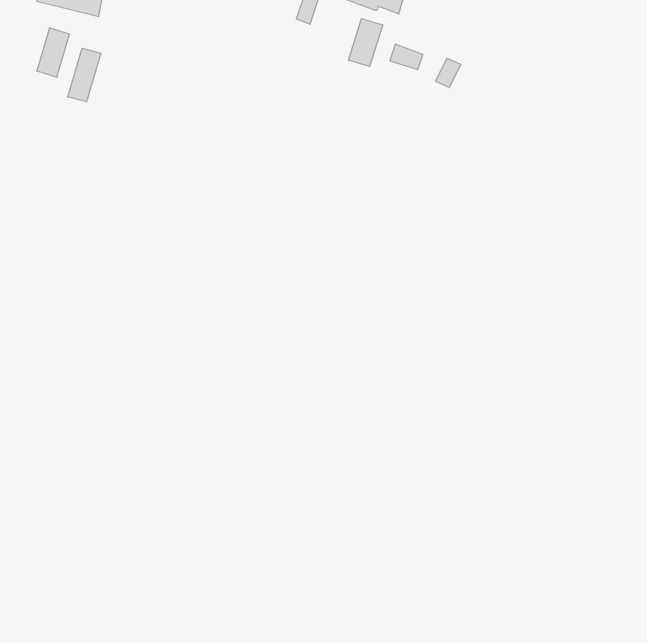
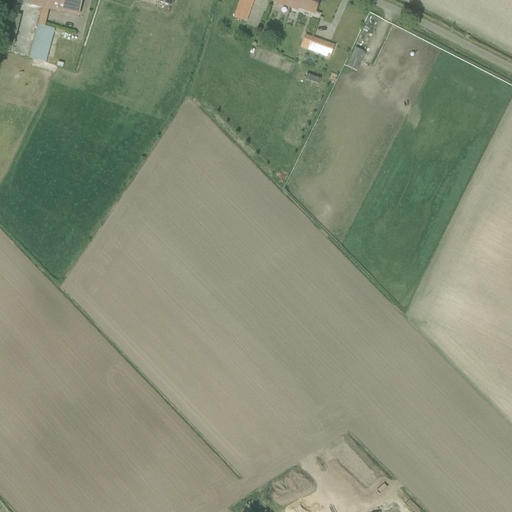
building: [348,19,383,67] -> none
building: [68,48,101,102] -> none

